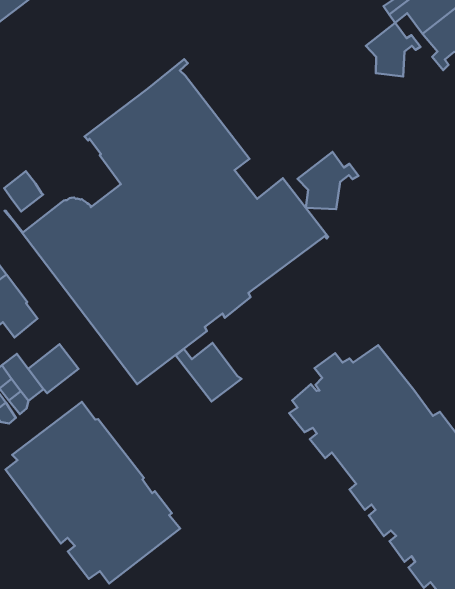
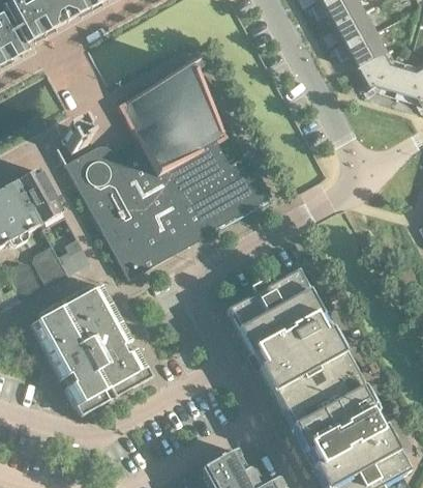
building: [366,23,420,77] -> none
building: [298,152,358,209] -> none
building: [176,343,241,402] -> none

